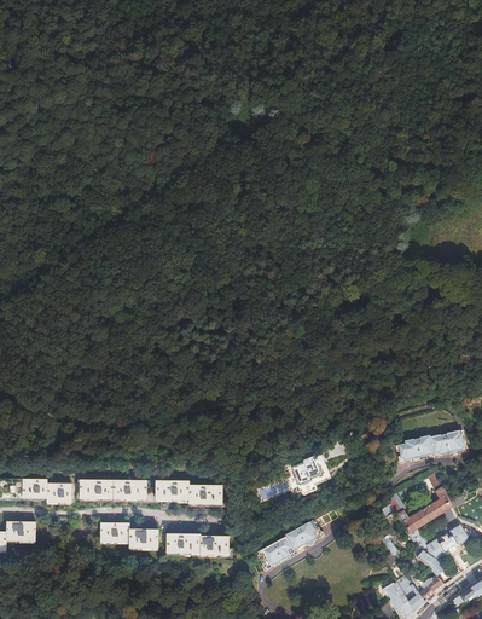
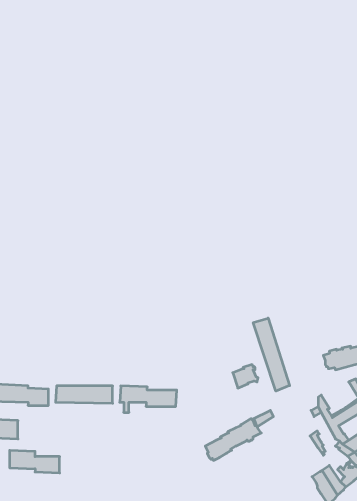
building: none -> [253,318,290,391]
building: [100,522,159,549] -> [10,450,60,473]
building: [168,533,230,556] -> none

